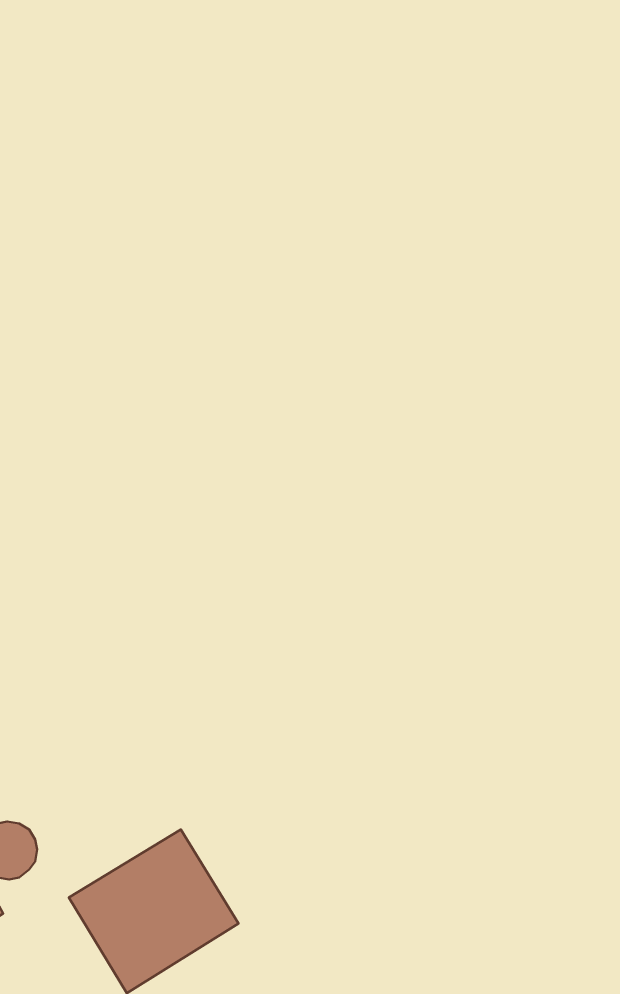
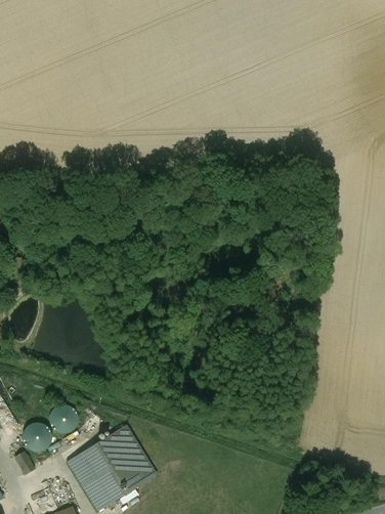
building: none -> [49,405,78,434]

